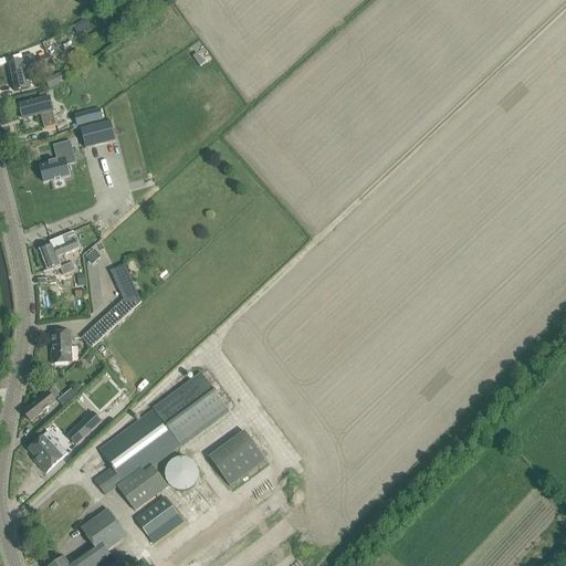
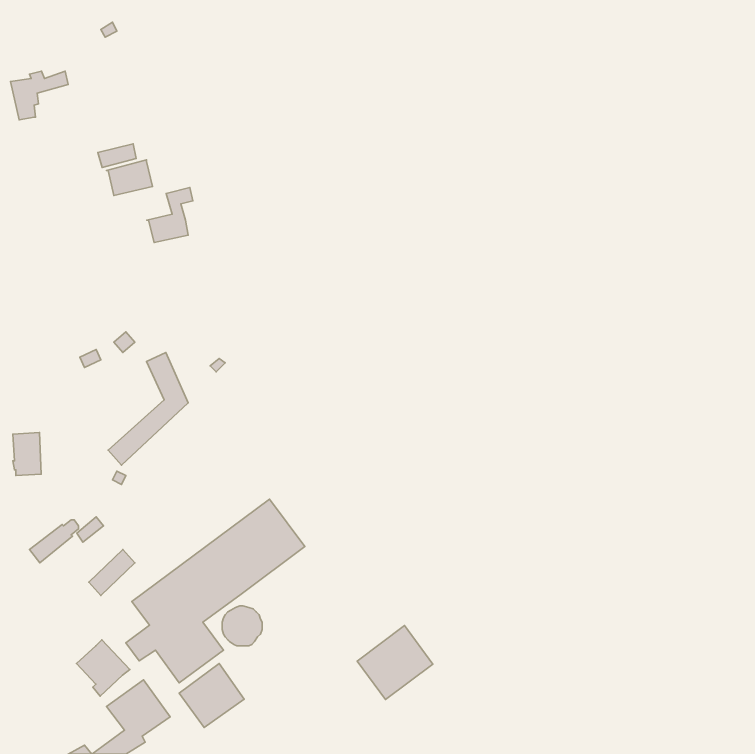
building: [18,91,56,127] -> none
building: [38,139,72,180] -> [147,188,193,242]
building: [39,230,80,268] -> none
building: [50,331,71,363] -> [13,433,41,476]
building: [28,430,67,472] -> [77,640,130,696]
building: [208,430,264,485] -> [357,625,433,700]

